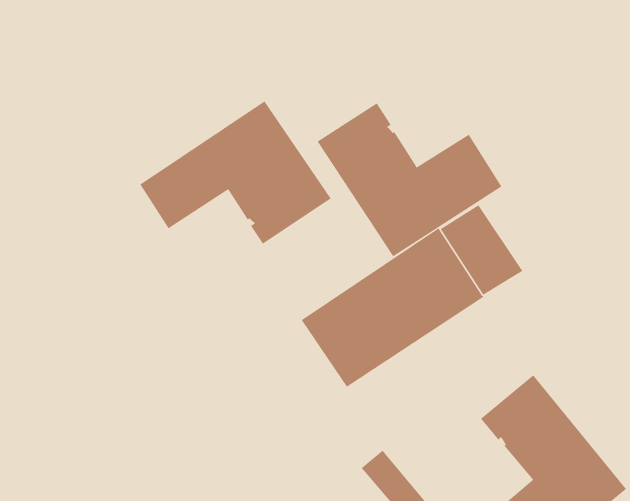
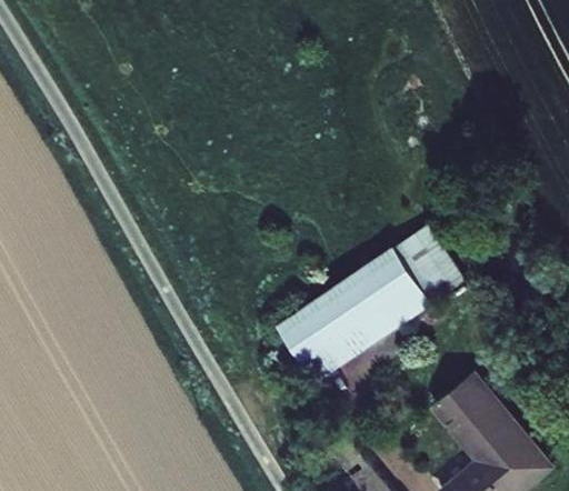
building: [140,101,331,245] -> none
building: [317,103,502,257] -> none

